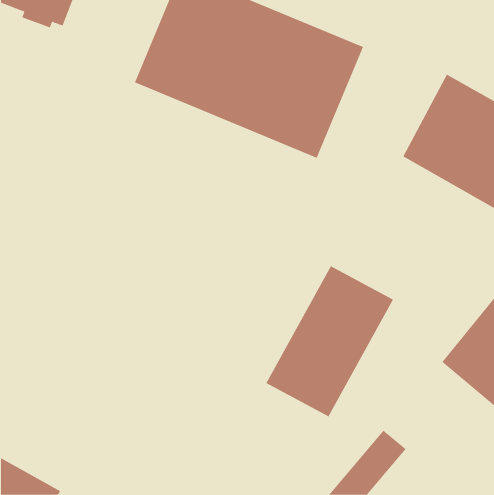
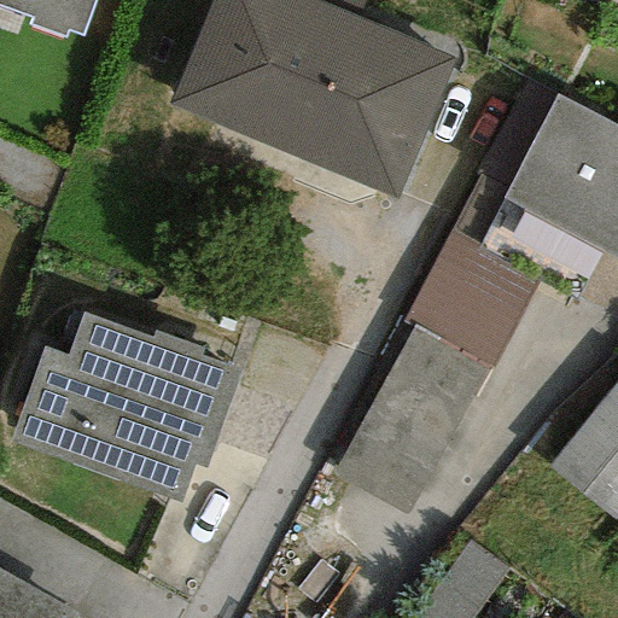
building: none -> [404,227,542,368]
building: none -> [11,309,244,502]

